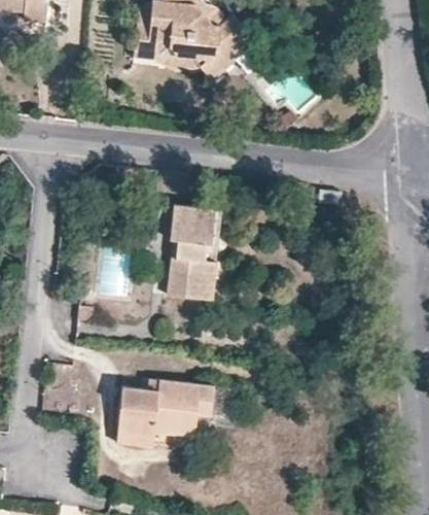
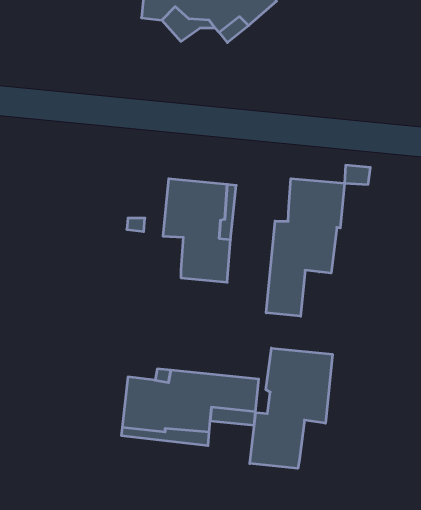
building: none -> [266,179,344,316]
building: none -> [250,348,332,468]

